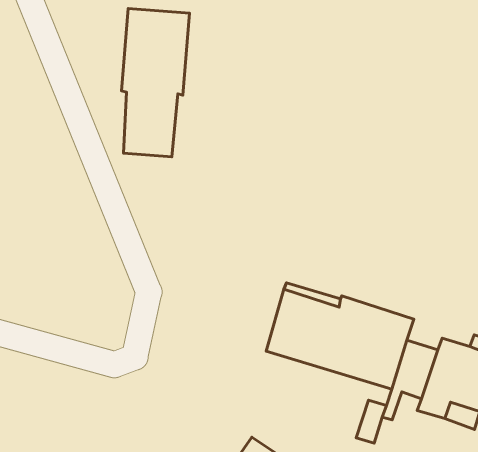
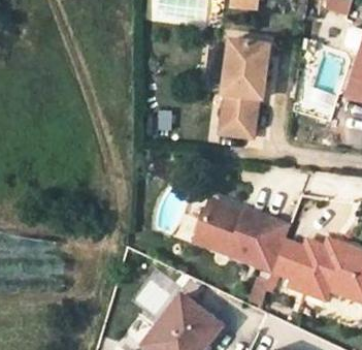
building: [122,8,190,157] -> [221,40,268,137]

